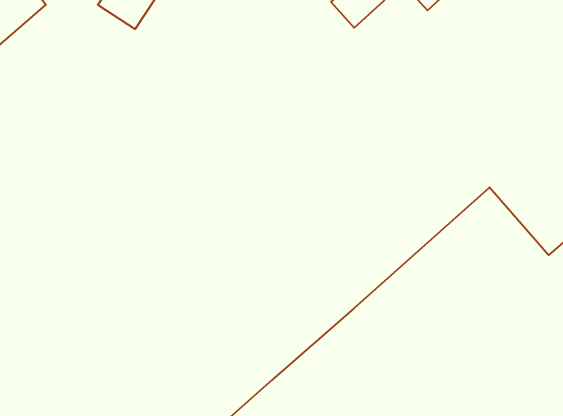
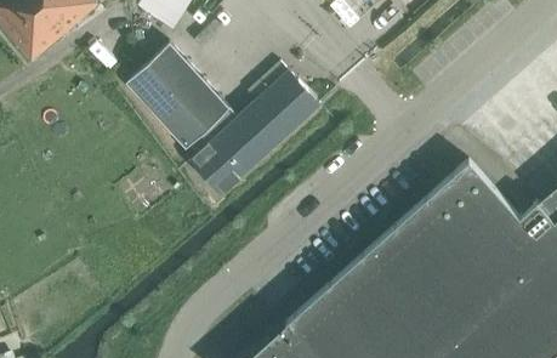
building: none -> [124,44,318,195]

